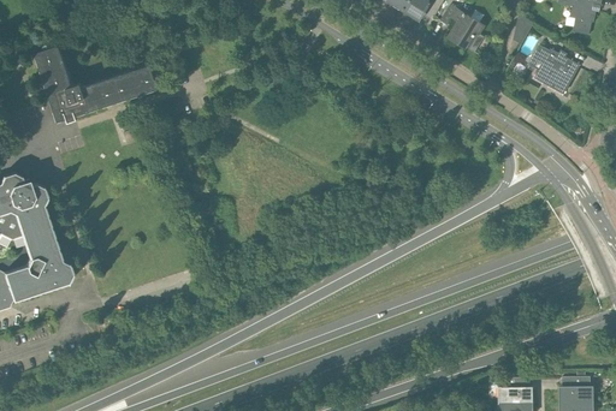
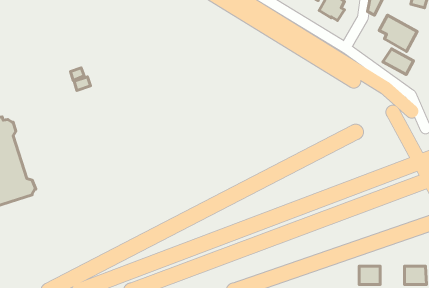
building: [35,44,159,121] -> none
building: none -> [383,49,414,74]

